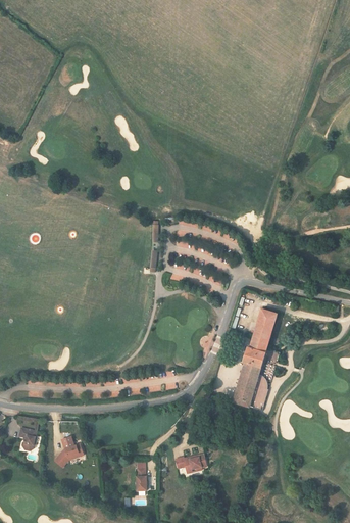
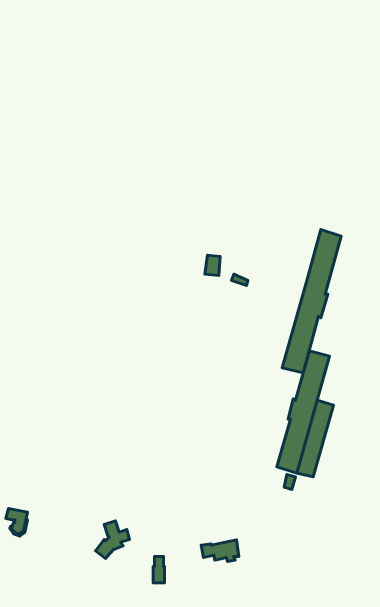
building: none -> [282,230,341,373]
building: [52,436,80,467] -> [95,521,129,559]

